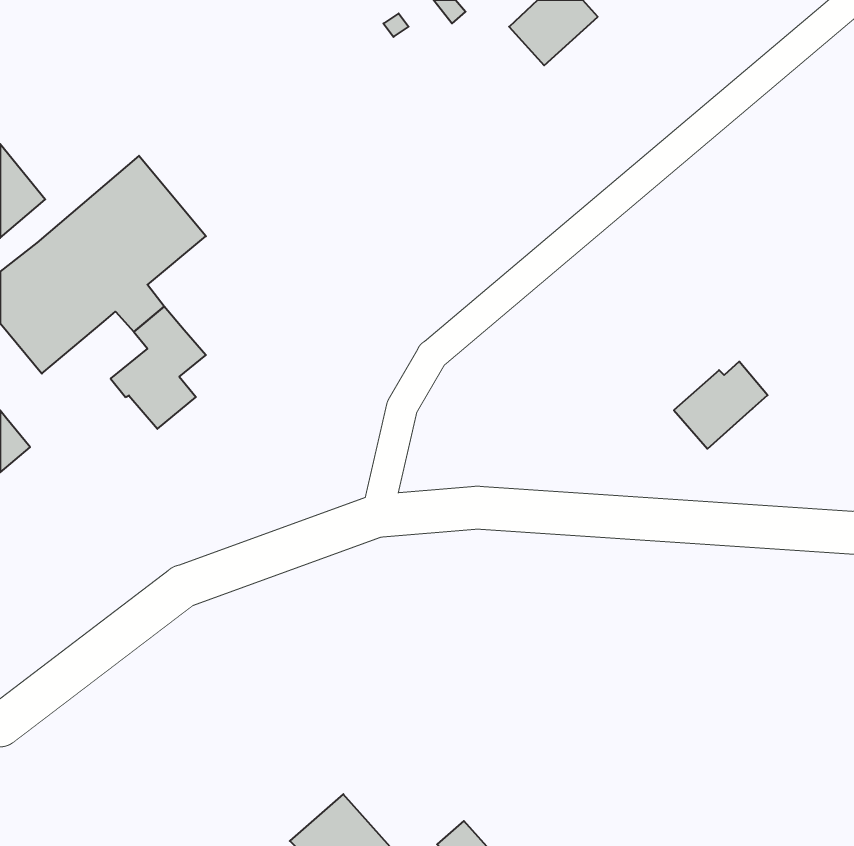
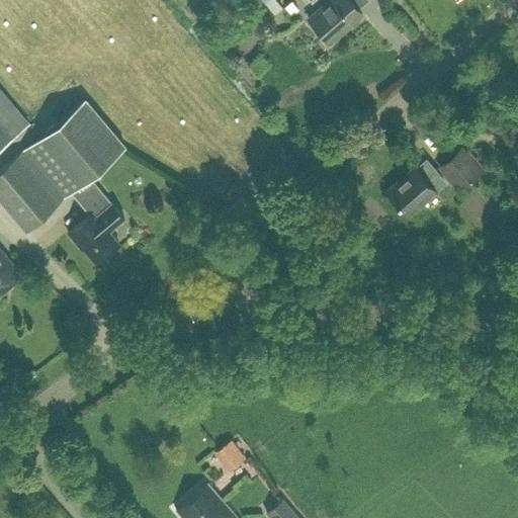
building: none -> [440,153,481,192]
building: [674,362,768,449] -> [387,165,444,218]
building: none -> [217,440,249,472]

